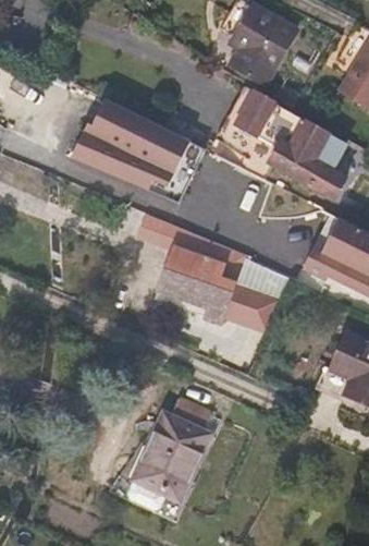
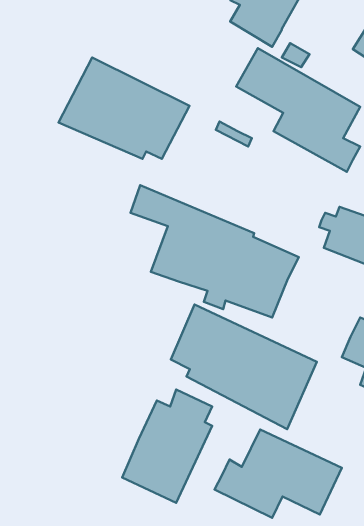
building: none -> [171,305,317,429]
building: none -> [214,429,342,518]

